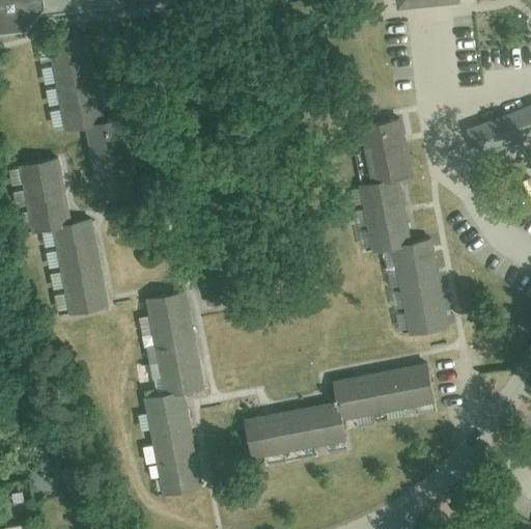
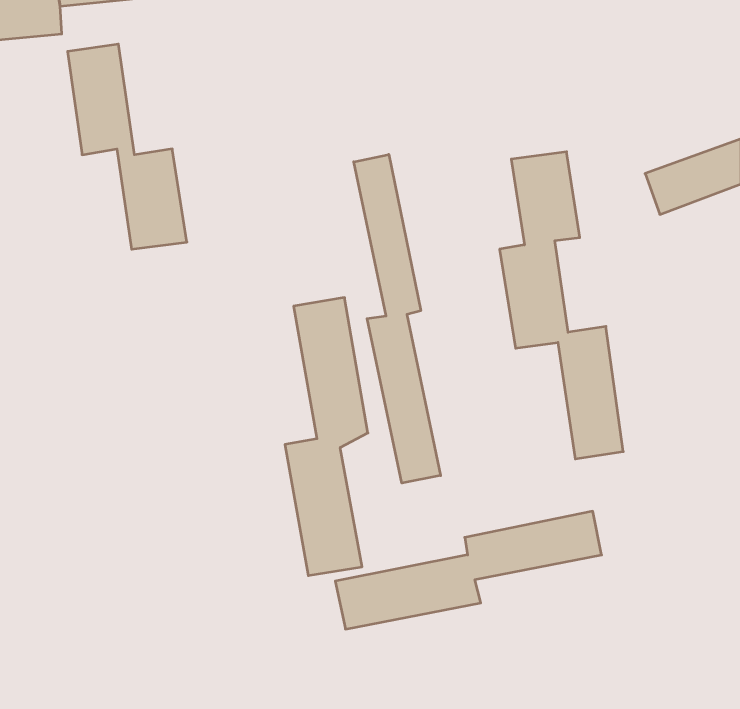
building: none -> [354,154,441,483]
building: [19,155,107,309] -> none
building: [145,297,204,495] -> [285,298,368,576]

